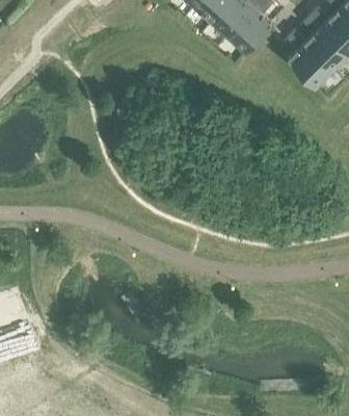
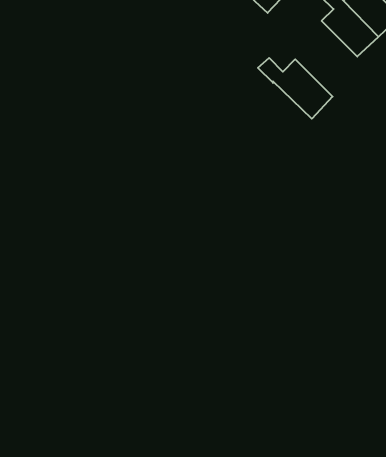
building: none -> [258,58,333,119]

